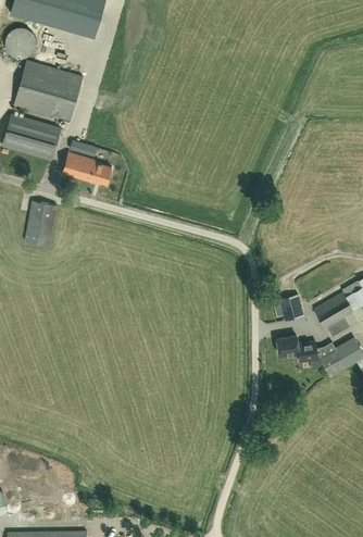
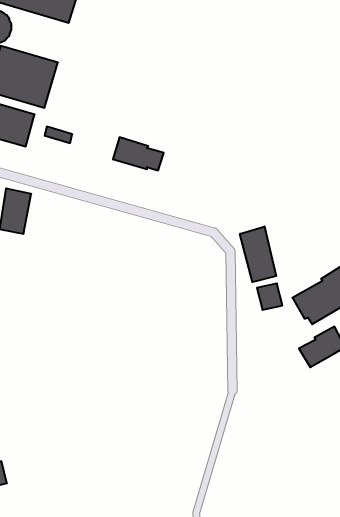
building: [62,152,112,185] -> [113,137,164,170]
building: none -> [240,226,276,282]
building: [278,337,317,362] -> none

